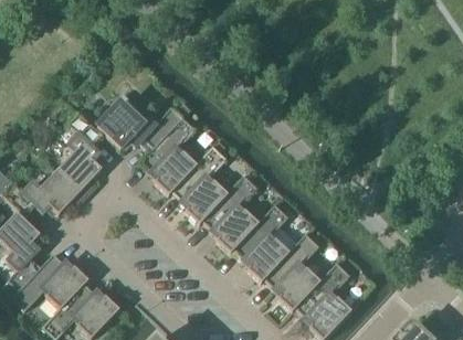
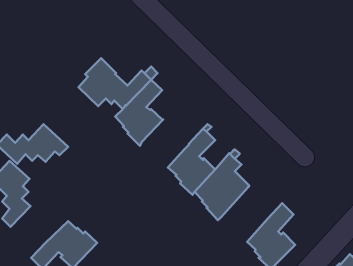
building: [56,113,102,195] -> none
building: [171,145,227,223] -> none
building: [264,233,319,310] -> none
building: [11,252,88,309] -> none

